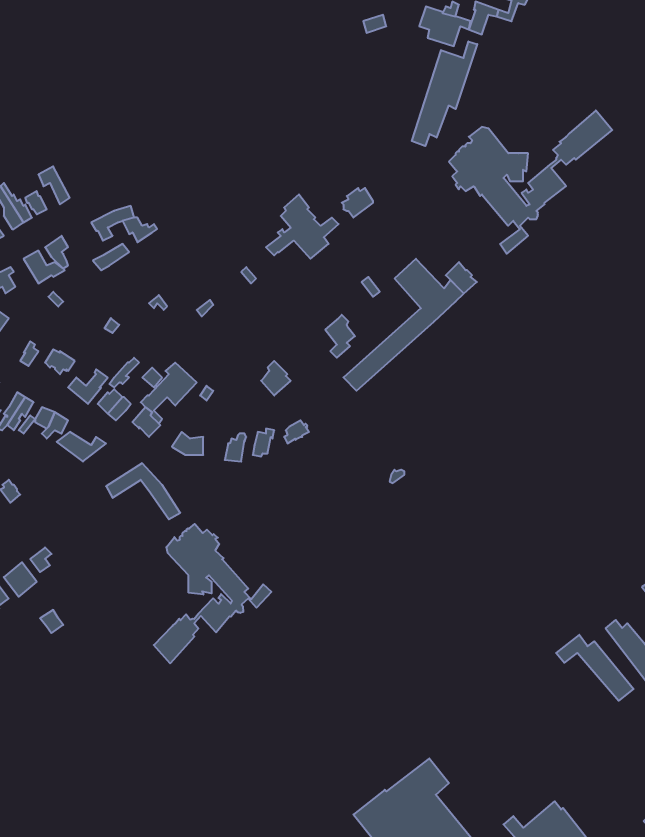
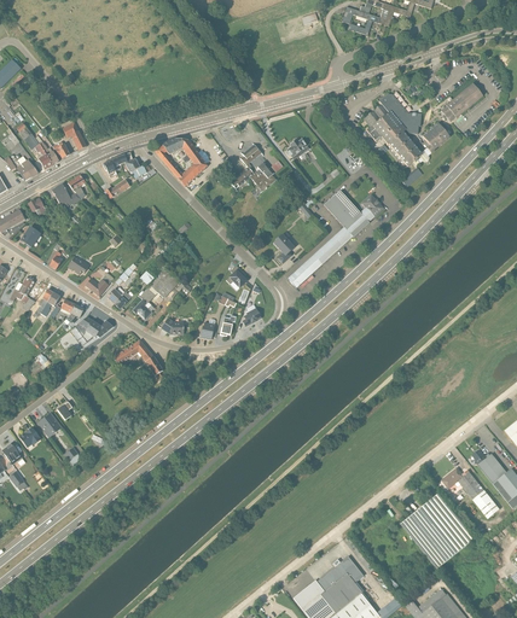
building: [412,41,477,146] -> none
building: none -> [155,138,209,186]
building: [154,524,271,663] -> none
building: none -> [403,496,471,566]

